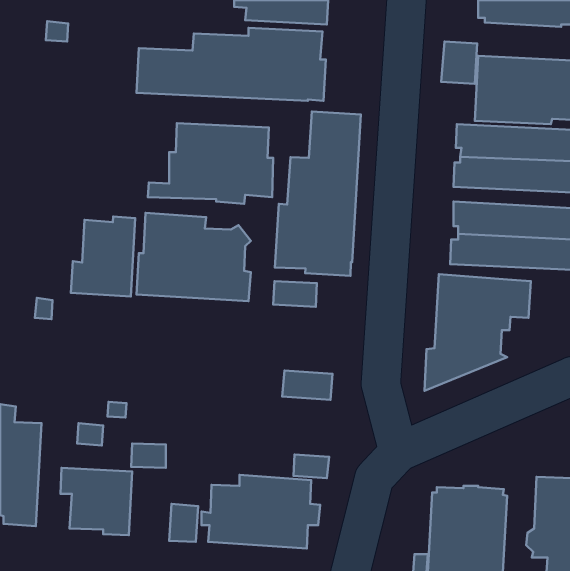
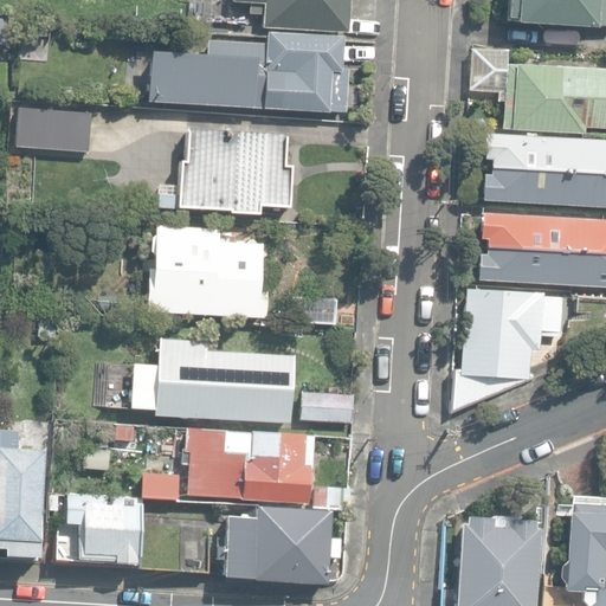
building: none -> [17,109,92,153]
building: [275,112,361,276] -> none
building: [71,217,135,296] -> none
building: none -> [130,337,297,424]
building: none -> [181,425,312,501]

